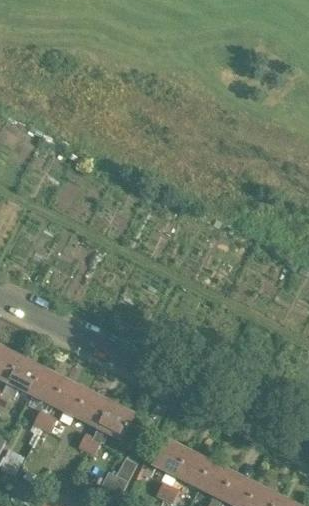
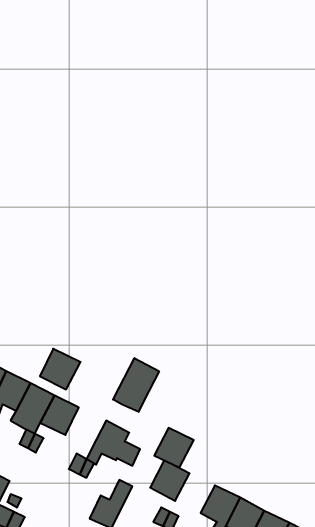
building: none -> [113,358,159,412]
building: [75,390,112,427] -> [40,349,81,389]
building: [175,450,211,486] -> [154,428,194,467]

